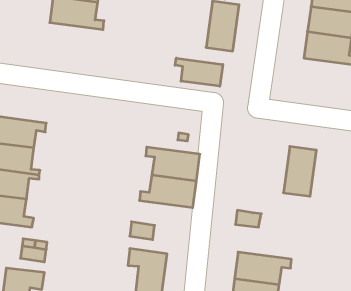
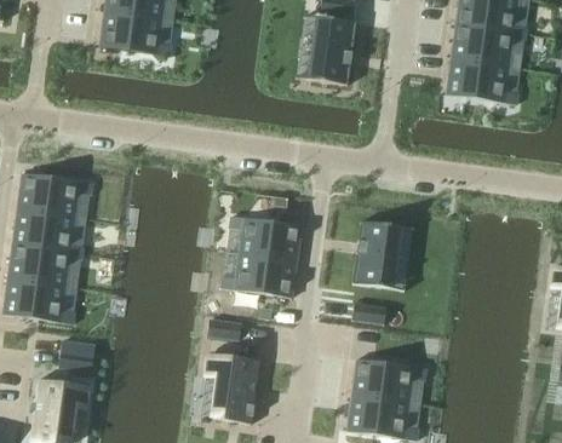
building: [175,58,223,86] -> none
building: [283,146,316,196] -> [355,219,400,287]

